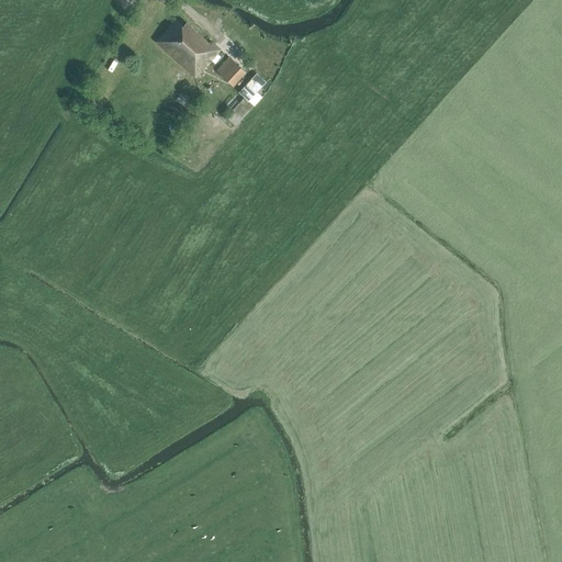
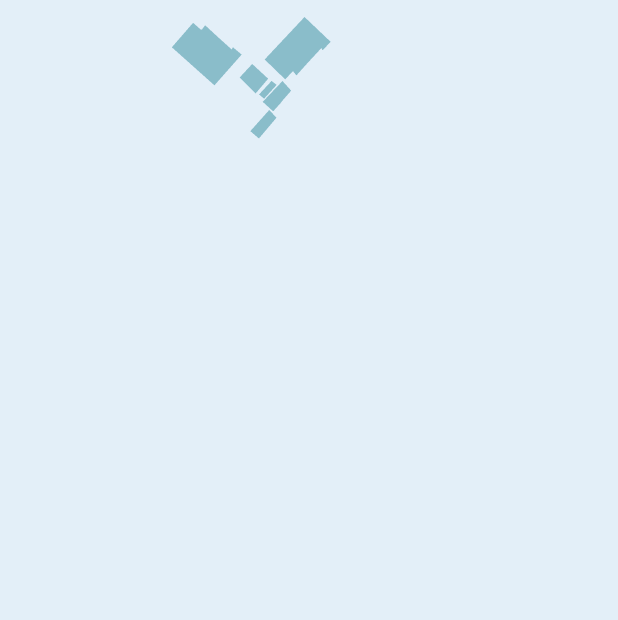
building: none -> [264,16,332,80]

